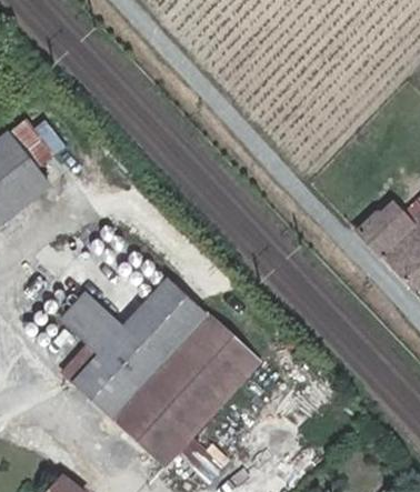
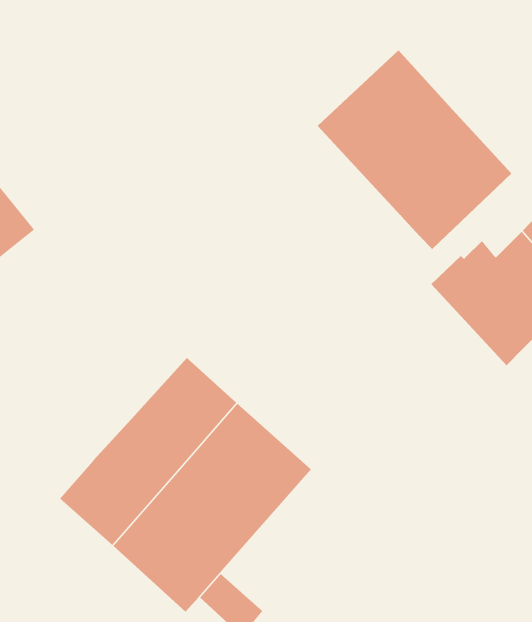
building: none -> [317,49,512,250]
building: [61,290,123,353] -> none

